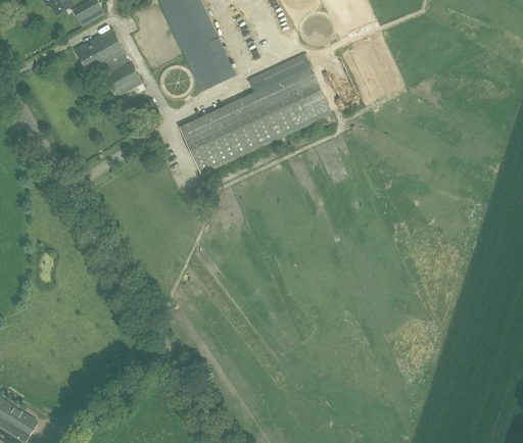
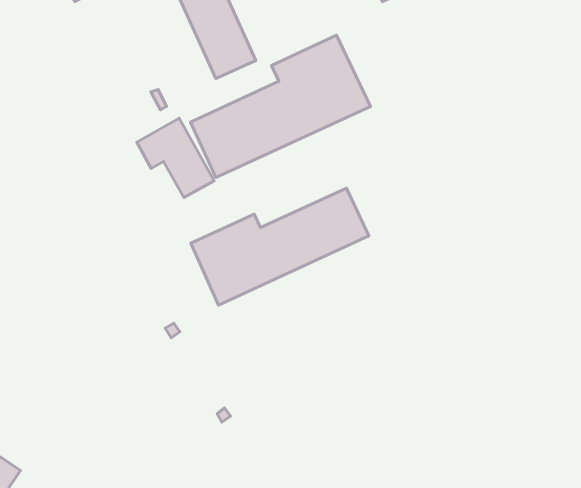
building: [76,29,141,96] -> [137,118,214,198]
building: none -> [191,188,369,305]

